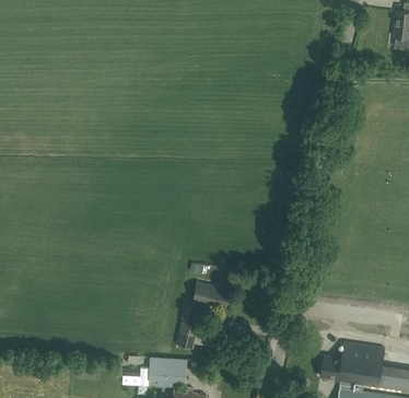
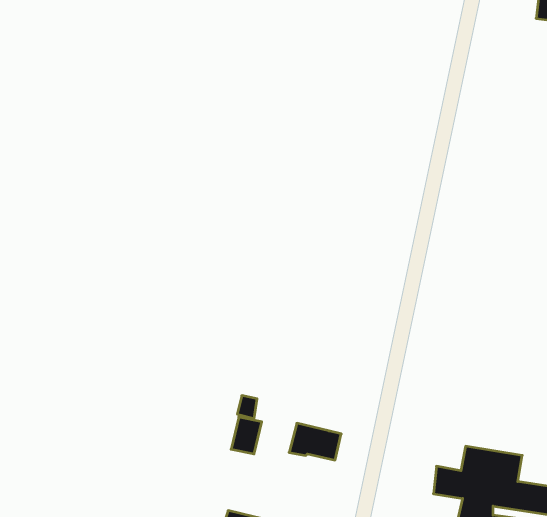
building: [191,282,229,308] -> [289,423,341,460]
building: [149,358,186,387] -> none

